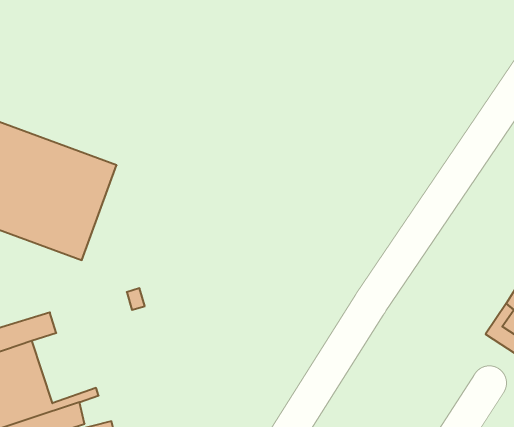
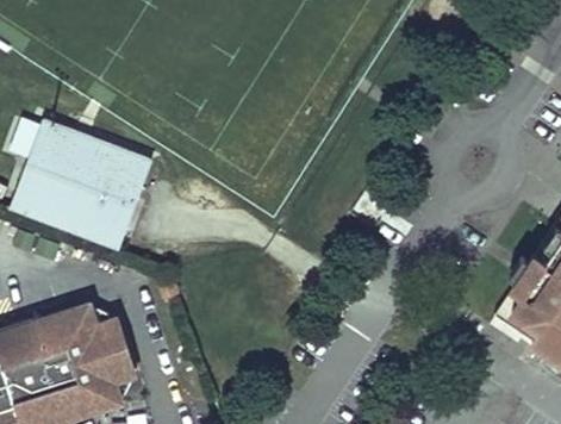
building: none -> [73,312,132,384]

